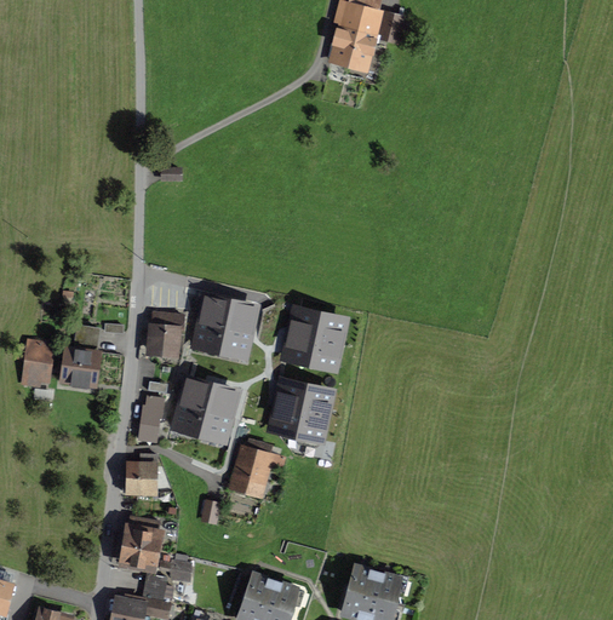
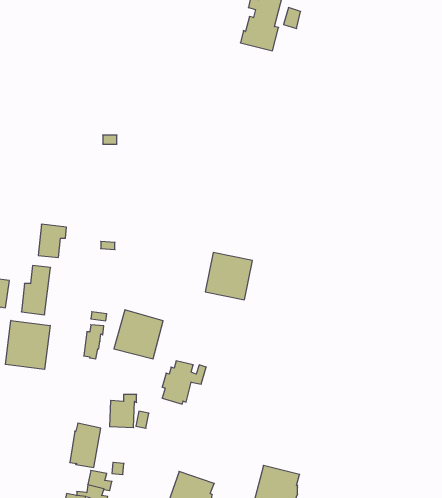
building: [196,298,253,356] -> none
building: [150,314,184,354] -> [38,224,66,257]
building: [273,383,330,440] -> none
building: none -> [5,320,50,369]
building: [124,455,156,495] -> [110,394,137,428]

